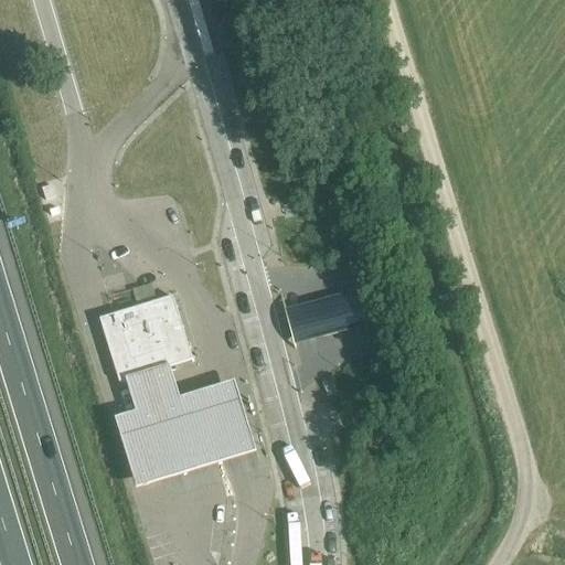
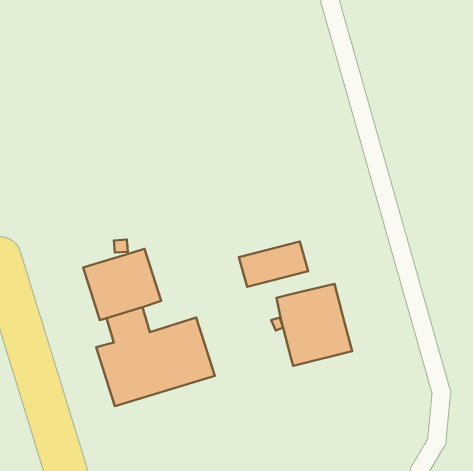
building: none -> [276,284,352,366]

